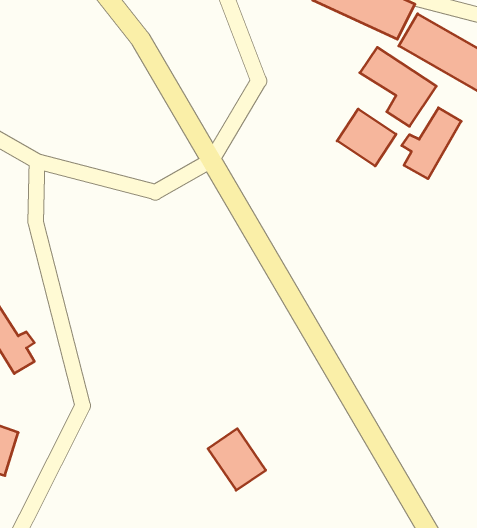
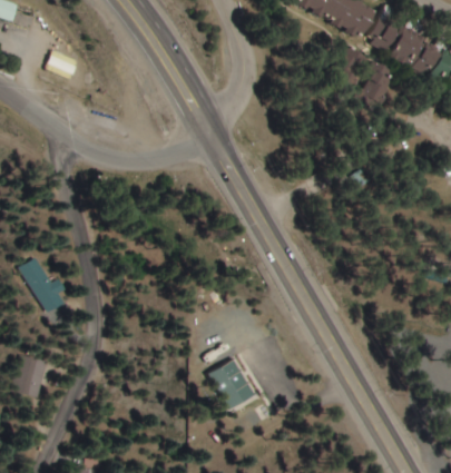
building: [402,108,461,179] -> none
building: [337,109,396,166] -> none

